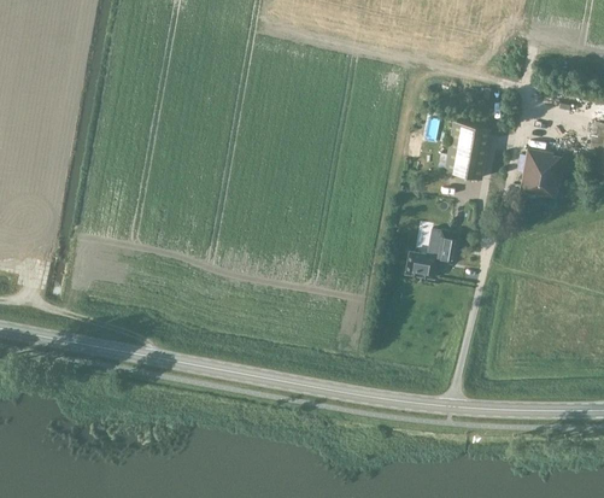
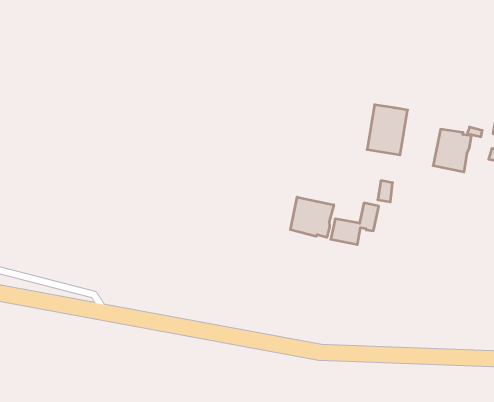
building: none -> [290,197,334,237]

